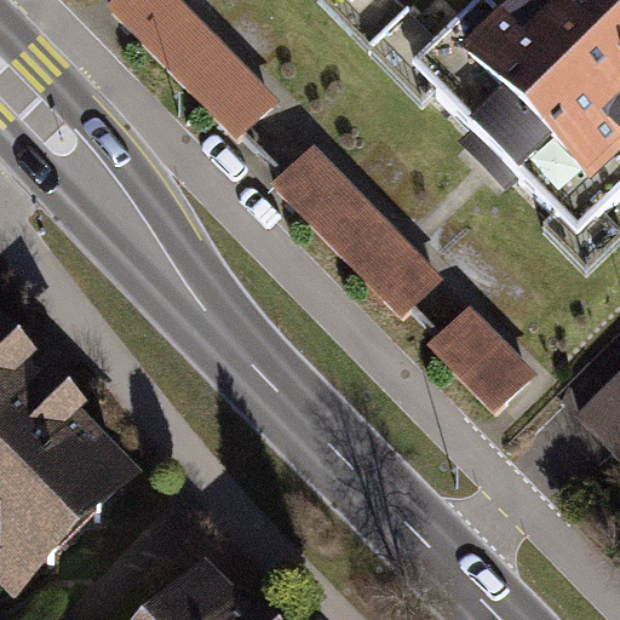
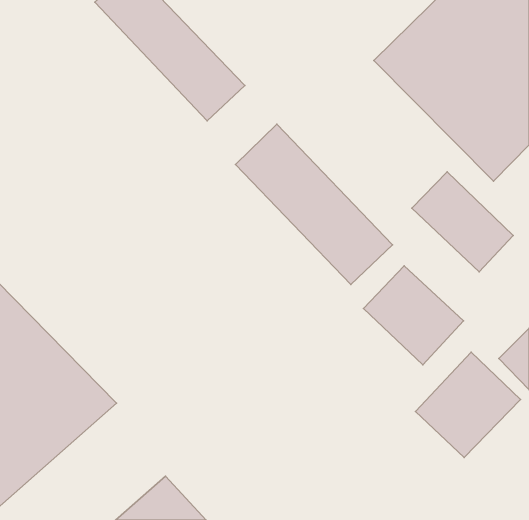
building: none -> [412,172,513,272]
building: none -> [415,352,520,458]

